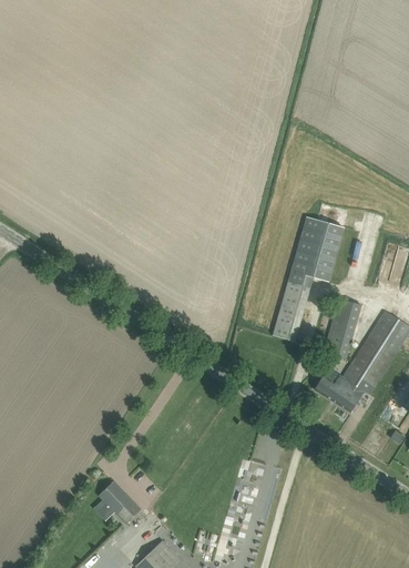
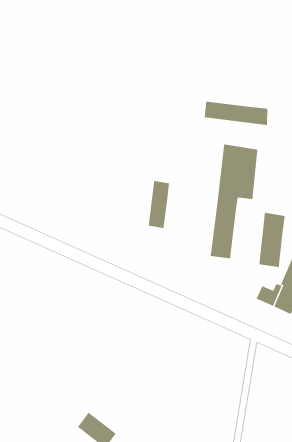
building: none -> [204,101,268,126]
building: none -> [148,180,169,229]

